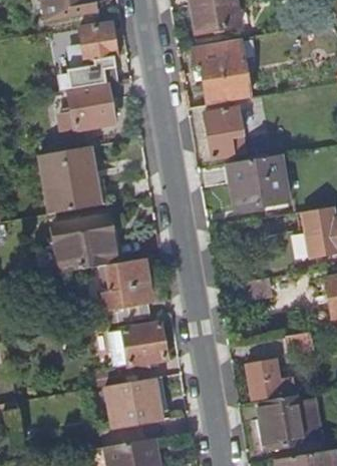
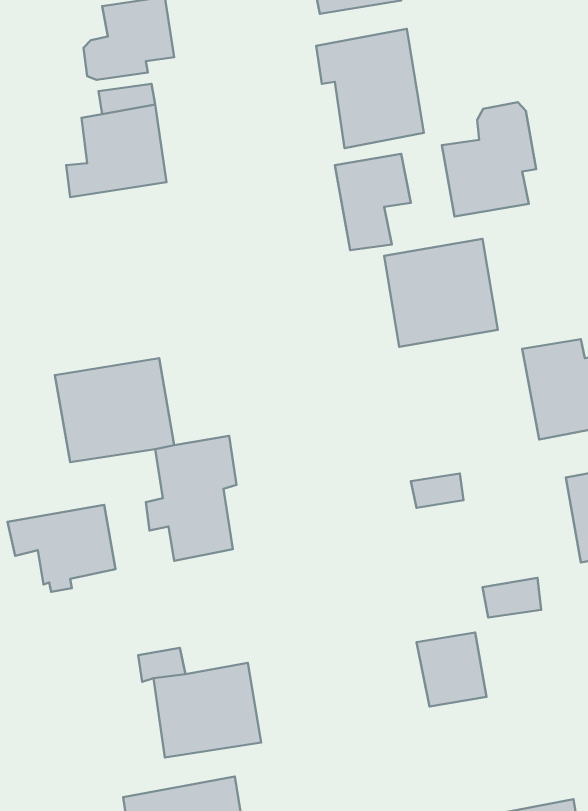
building: none -> [442,102,536,217]
building: [36,146,93,215] -> none
building: [110,326,167,372] -> [8,505,115,592]
building: [258,394,315,449] -> none

